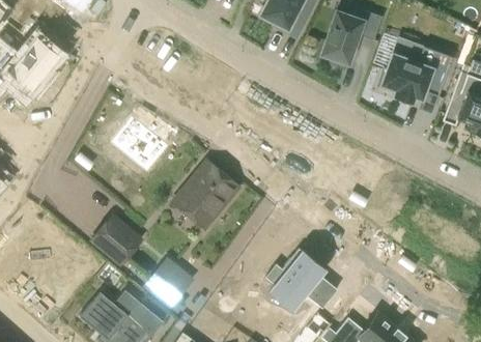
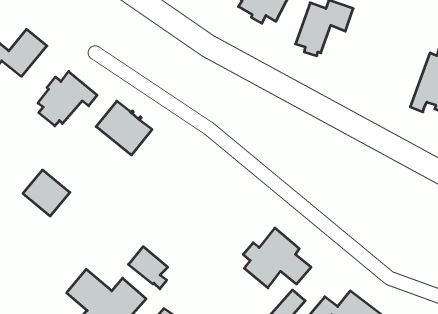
building: [374,33,453,103] -> none
building: none -> [38,71,97,126]
building: [173,161,239,228] -> none
building: [92,216,142,264] -> [23,170,70,216]

